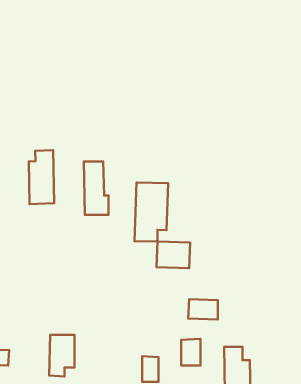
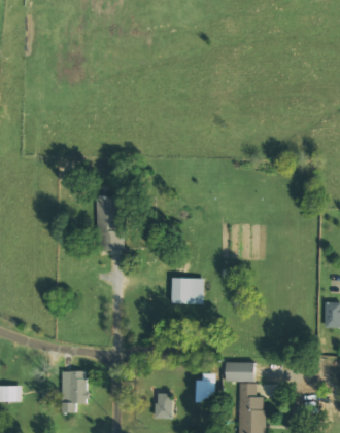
building: [29,150,54,204] -> none
building: [135,183,168,242] -> none
building: [188,299,218,320] -> [224,361,253,382]

